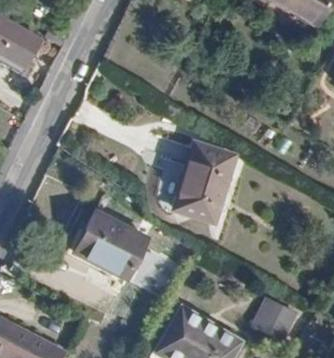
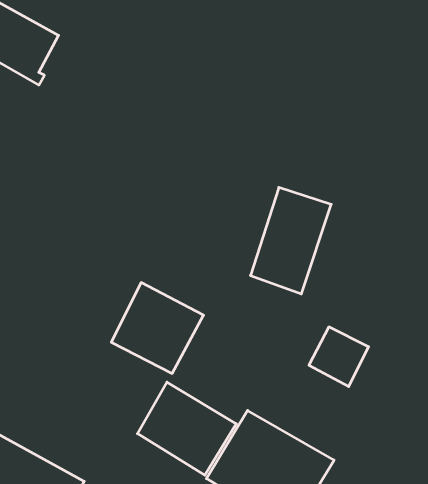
building: none -> [137,382,236,475]
building: [253,297,295,339] -> [309,327,369,387]

